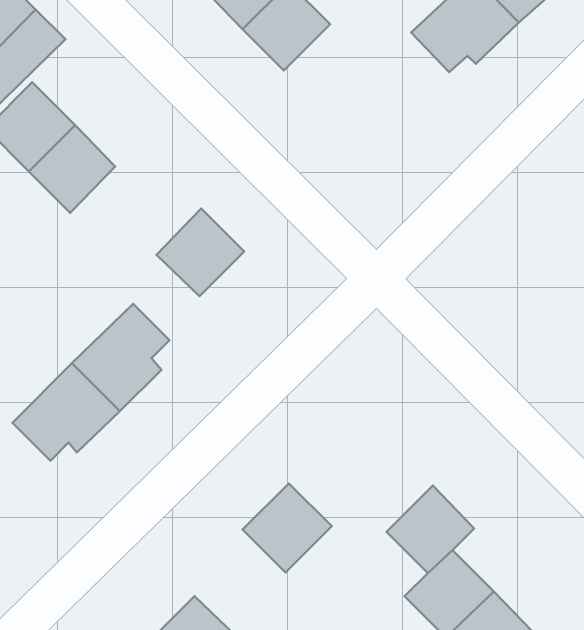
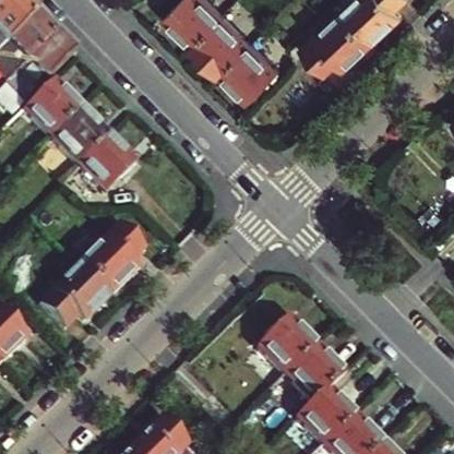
building: none -> [217,41,275,100]
building: [156,208,244,296] -> [76,135,134,193]
building: [242,483,332,573] -> [256,318,315,377]

